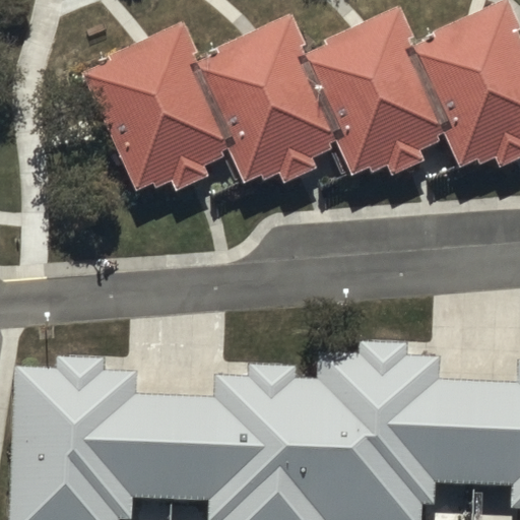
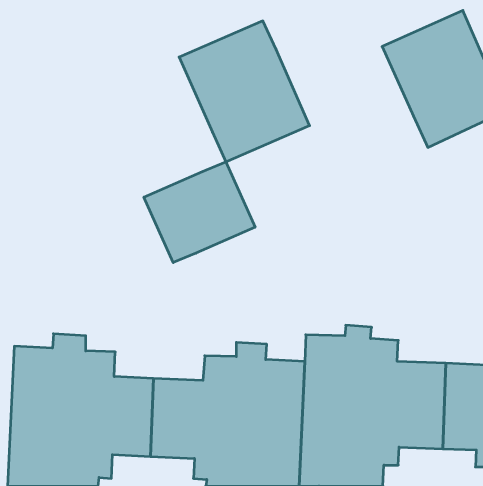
building: [299,11,445,166] -> none
building: [87,31,231,183] -> none
building: none -> [144,162,255,263]

